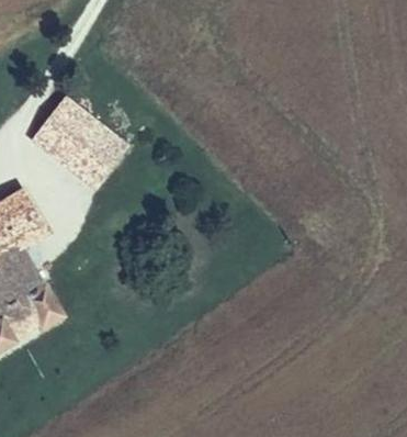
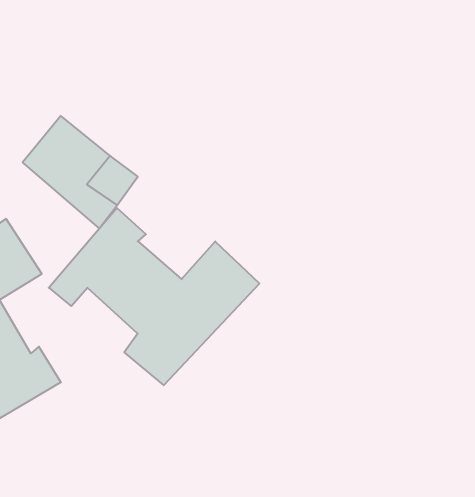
building: none -> [49,208,259,385]

